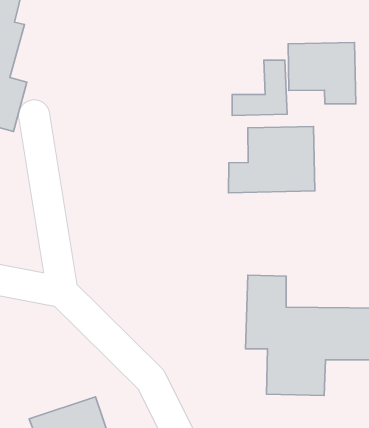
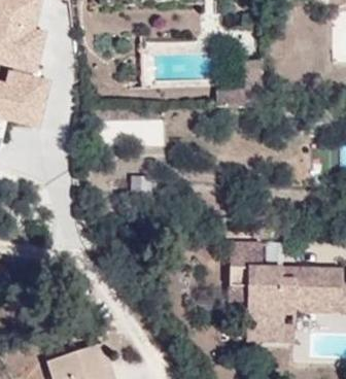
building: [288,42,356,104] -> none
building: [229,127,315,193] -> none

